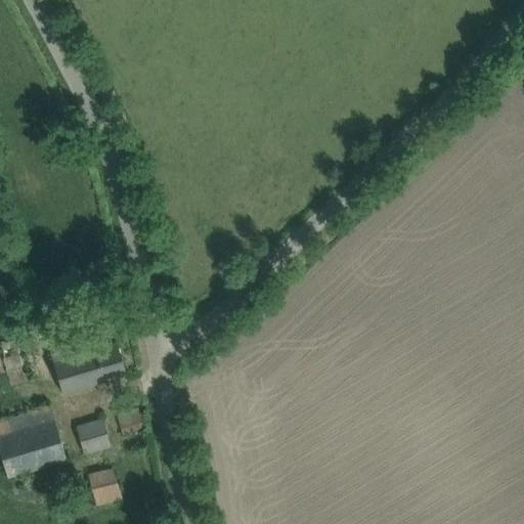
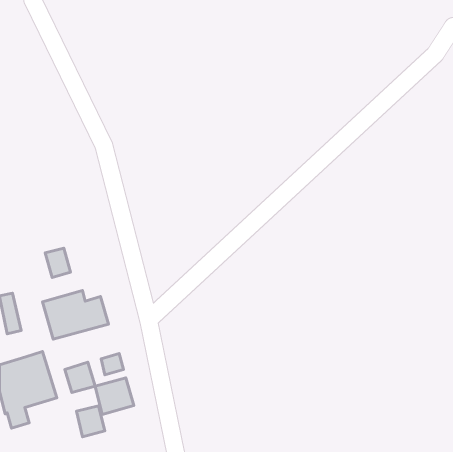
building: none -> [45,248,71,277]
building: none -> [95,378,134,414]

